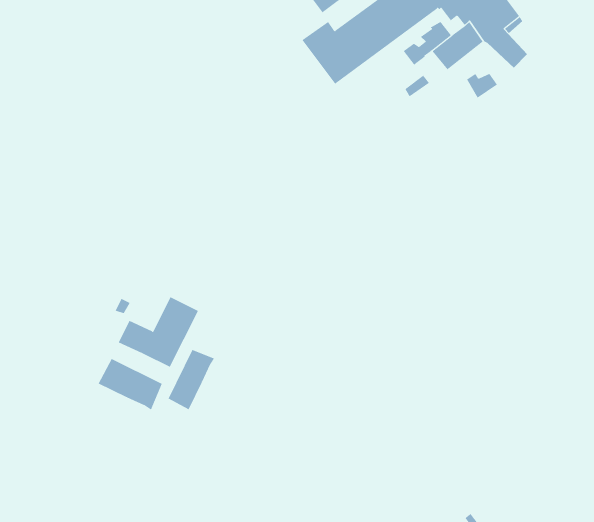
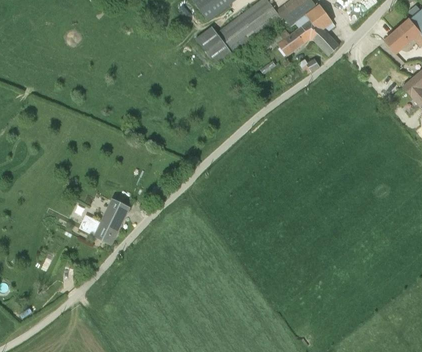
building: [168,349,215,410] -> none
building: [98,358,163,410] -> none

